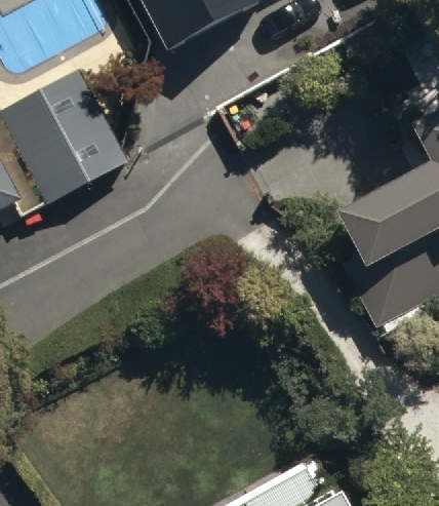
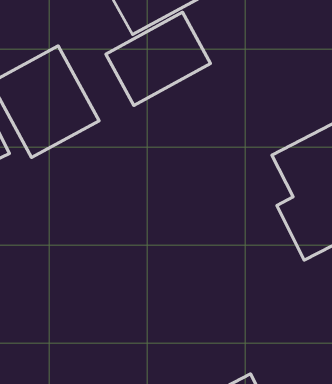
building: none -> [106,12,211,105]

